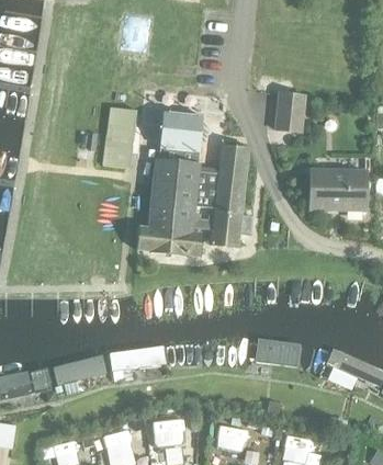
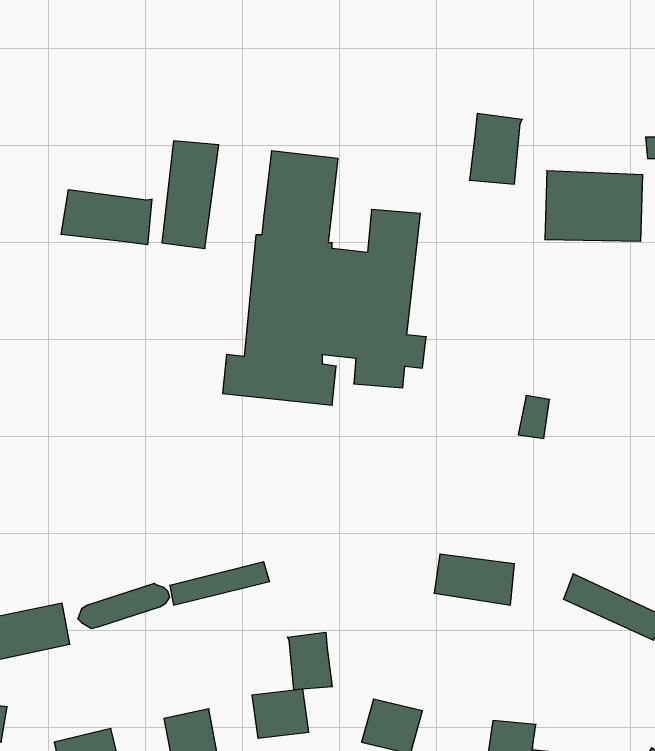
building: none -> [61,190,152,245]
building: [311,170,365,209] -> [545,171,643,241]
building: none -> [288,632,332,690]

